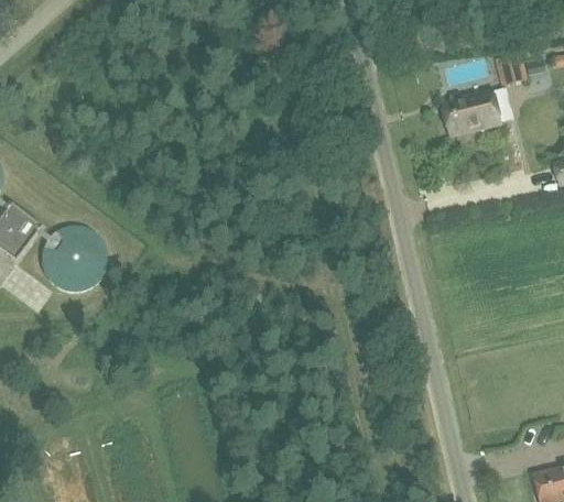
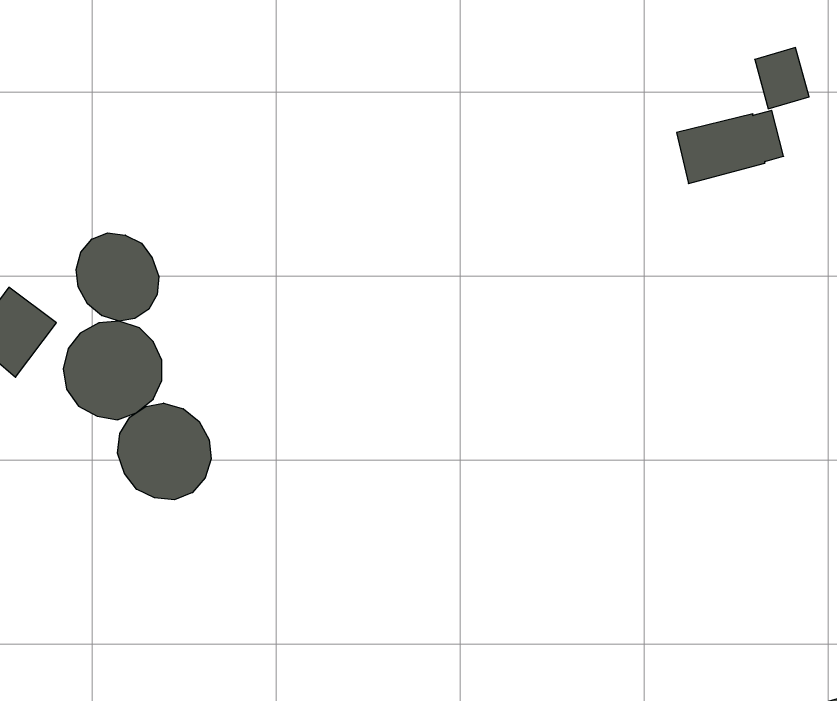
building: none -> [76,233,159,321]
building: none -> [118,403,211,500]

